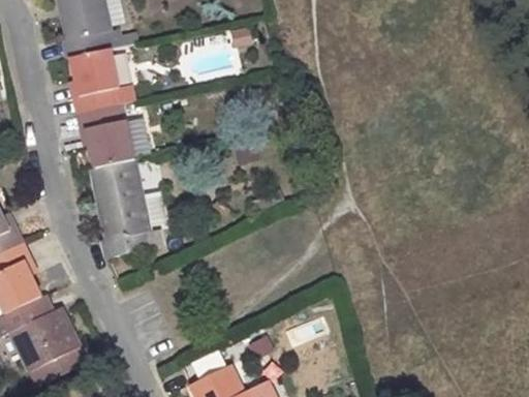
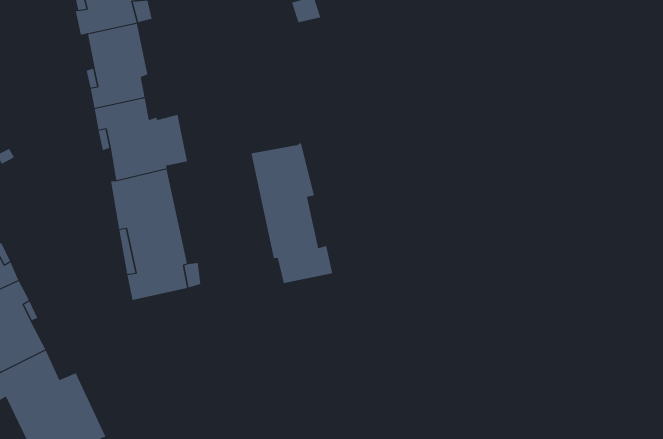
building: none -> [251,142,333,284]

